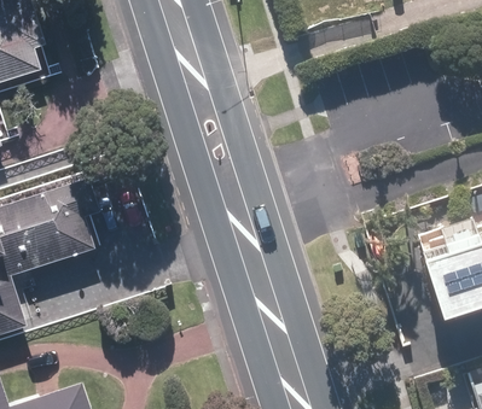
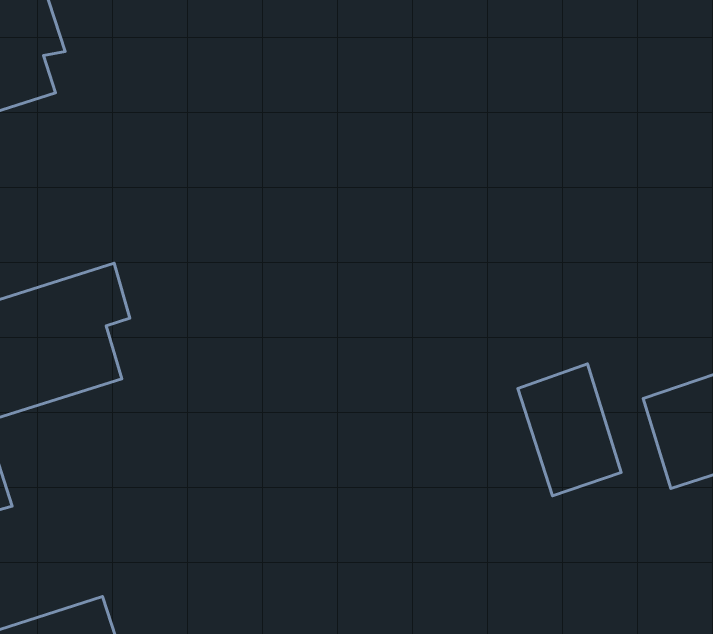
building: none -> [518,364,621,496]

